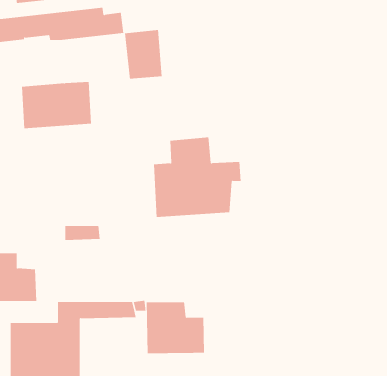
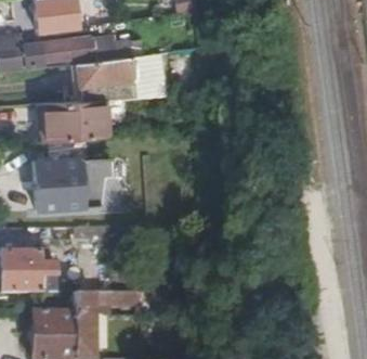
building: none -> [76,57,136,101]
building: [153,137,241,217] -> [34,138,110,208]
building: [146,301,204,354] -> none

